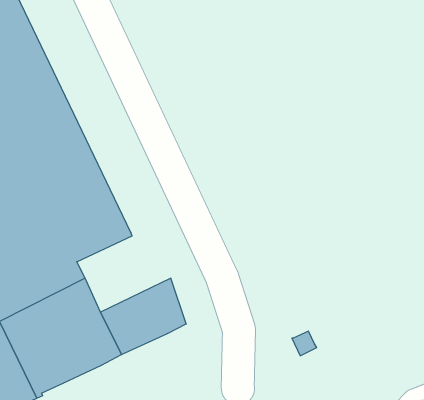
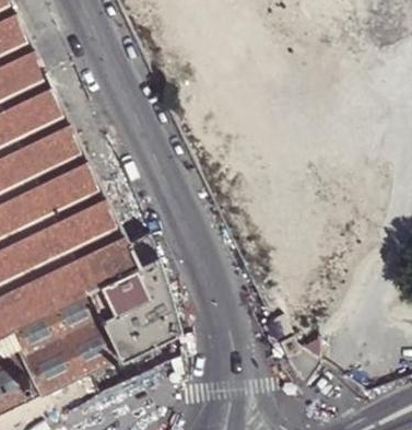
building: none -> [74,236,162,319]

